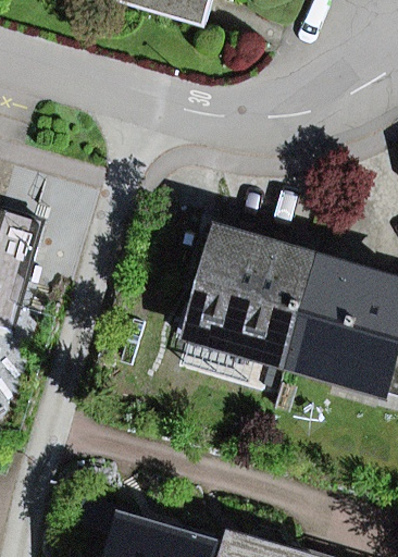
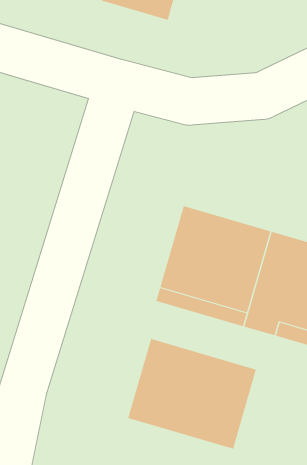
building: none -> [128,338,257,449]

